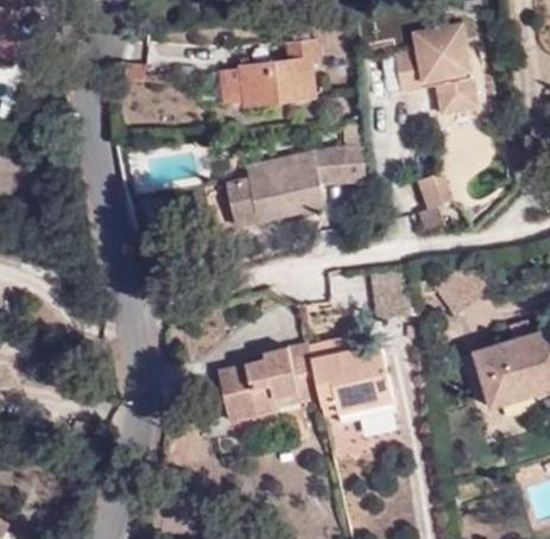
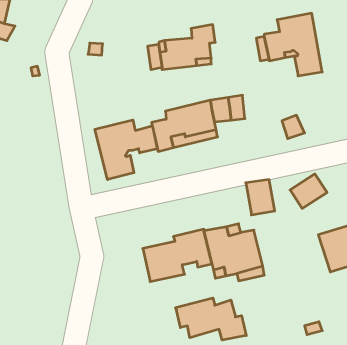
building: none -> [95,120,157,180]
building: none -> [176,298,246,340]

